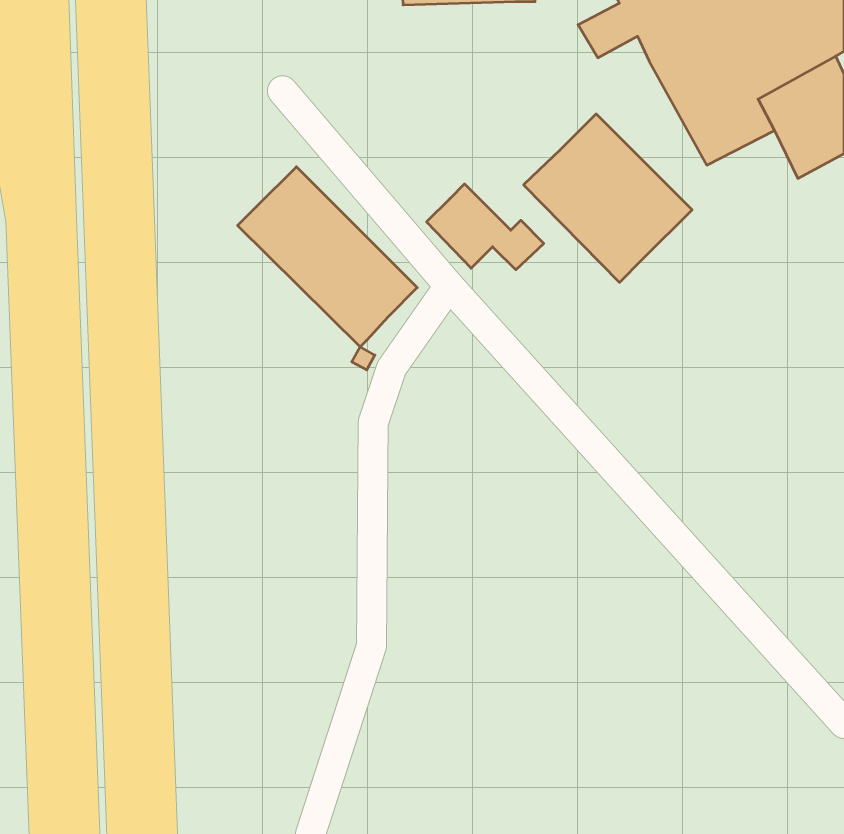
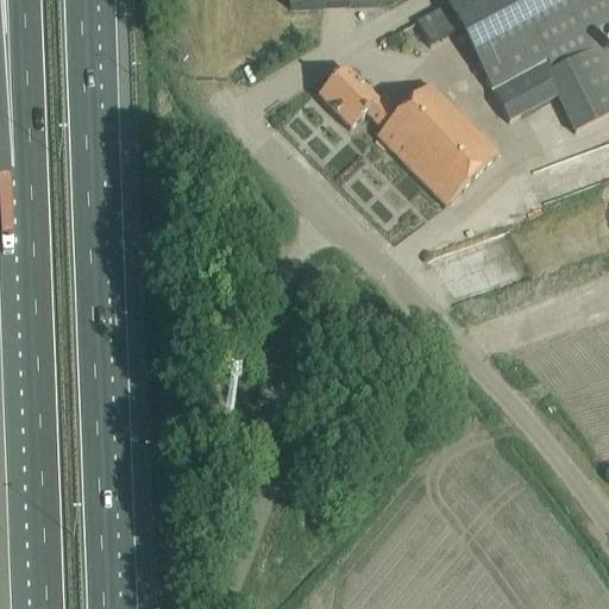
building: [238,167,417,347] -> none
building: [427,184,544,270] -> [319,65,403,127]

